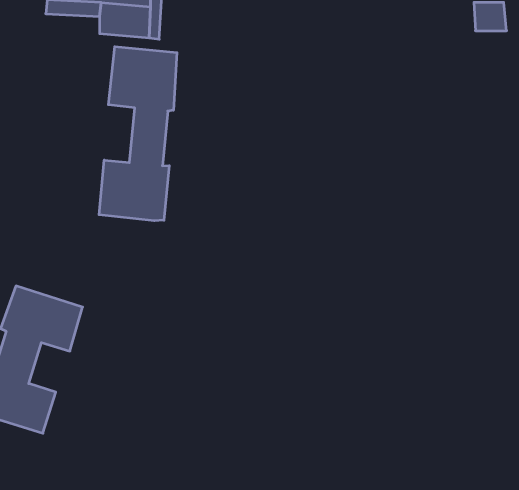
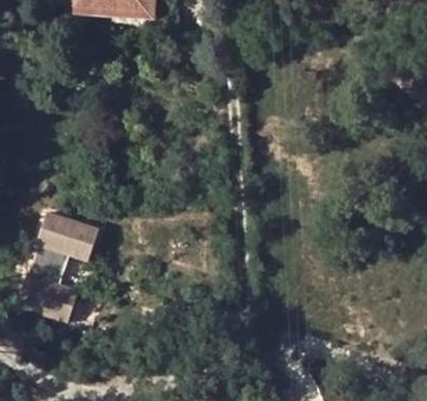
building: [99,47,177,221] -> none

